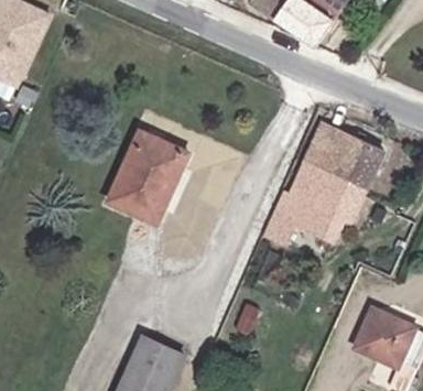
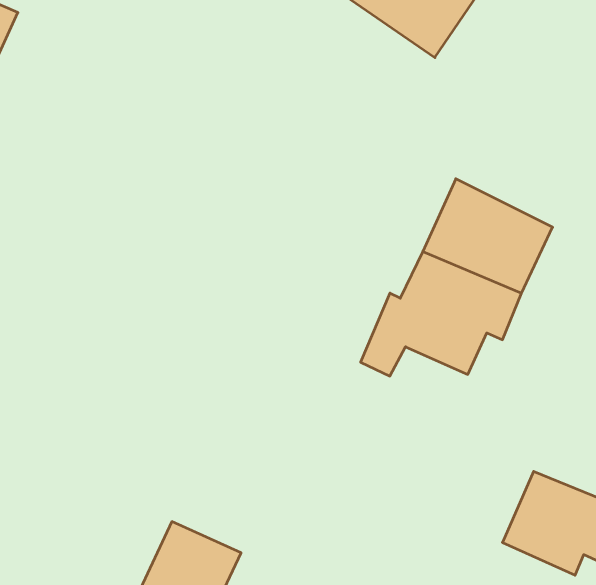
building: [108,132,189,224] -> none

